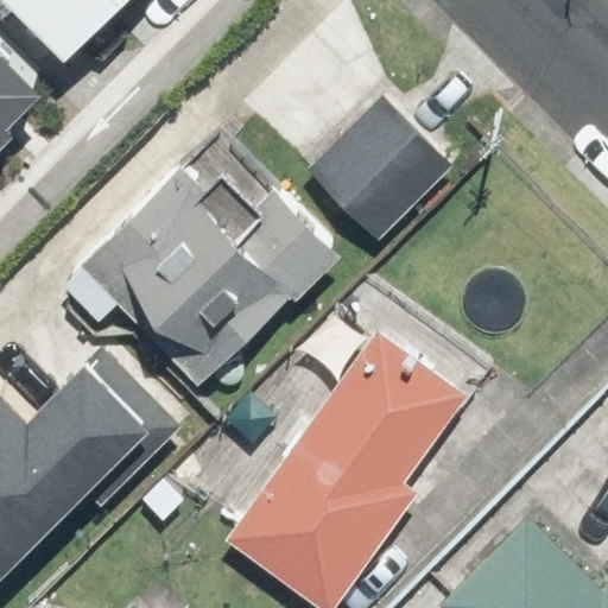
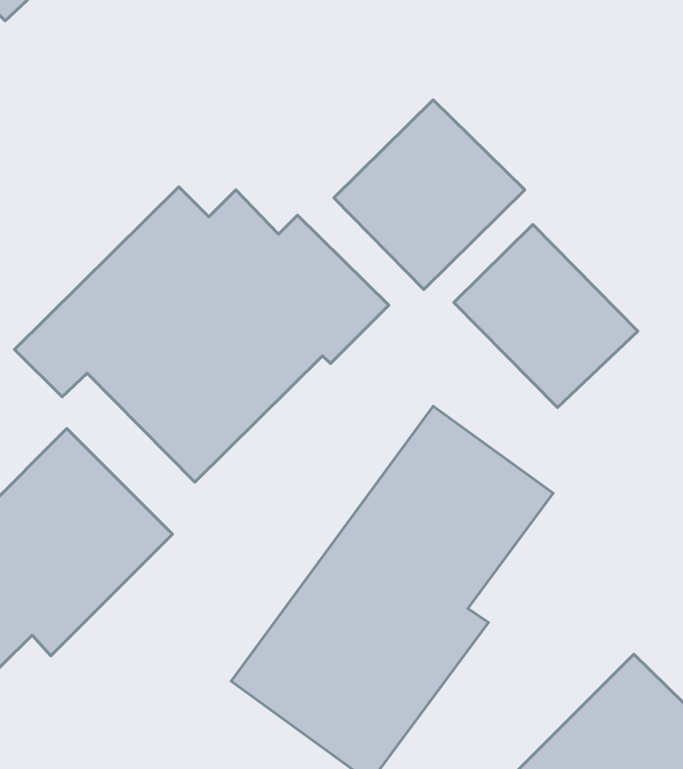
building: none -> [454,224,638,407]

